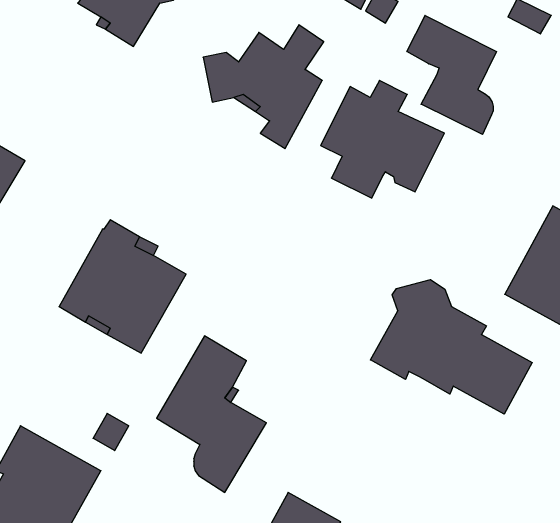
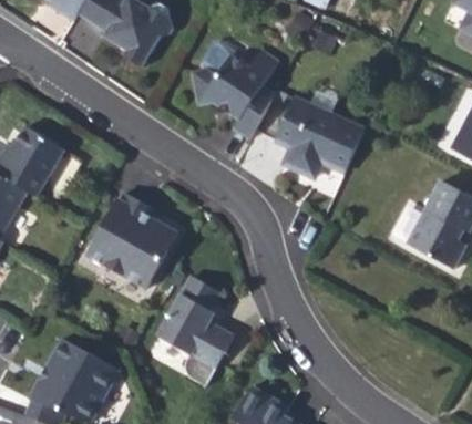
building: [407,15,496,134] -> none
building: [370,280,532,414] -> none

